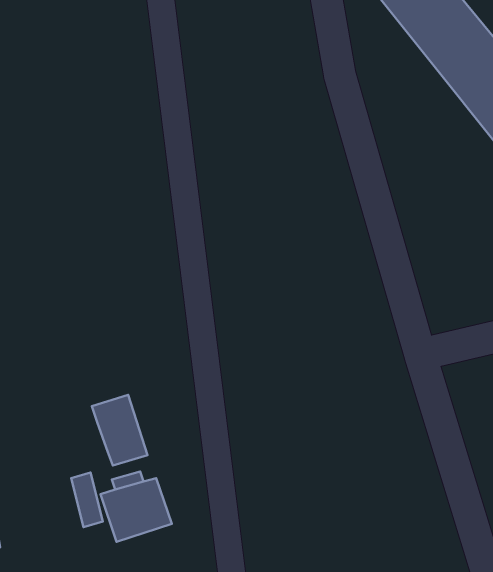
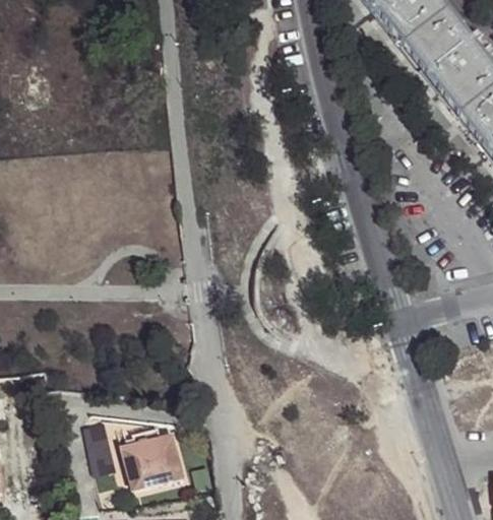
building: [92,395,148,465] -> none

